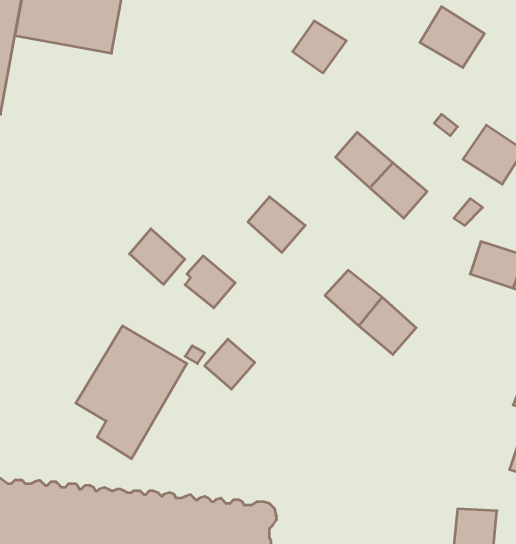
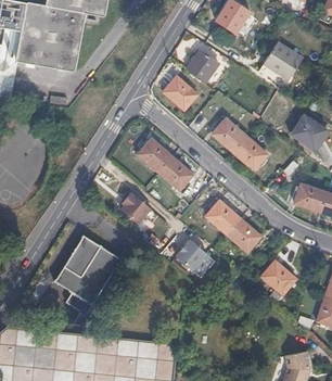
building: none -> [162,75,196,109]
building: [129,229,185,284] -> [138,138,171,172]
building: [205,339,255,389] -> [176,240,206,270]
building: none -> [261,261,296,294]

